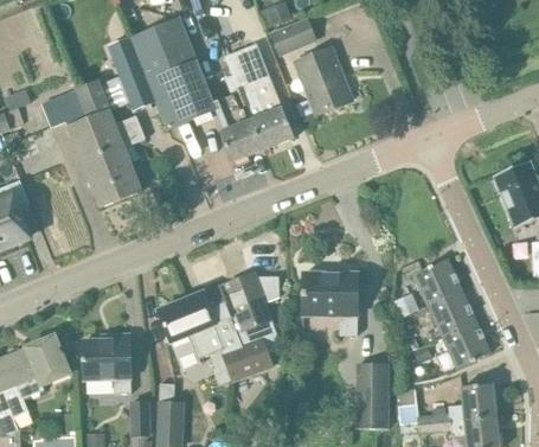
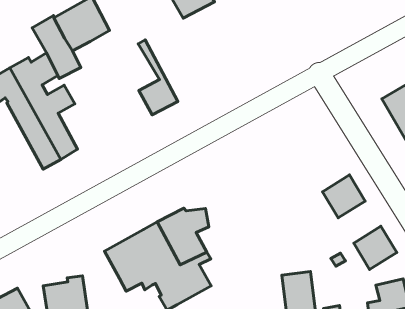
building: [294,46,352,115] -> none
building: [226,50,294,149] -> none
building: [149,59,214,128] -> none
building: [302,273,358,336] -> none
building: [428,289,475,336] -> none

